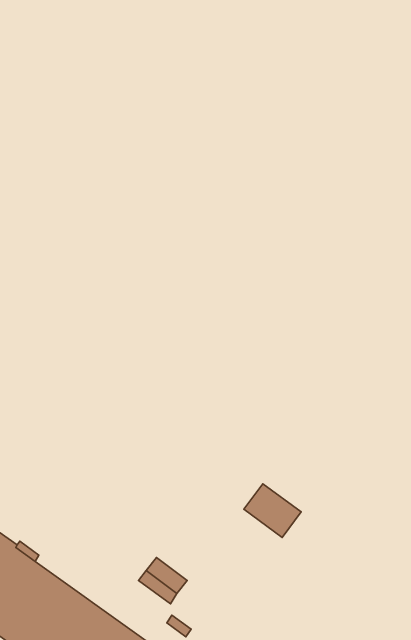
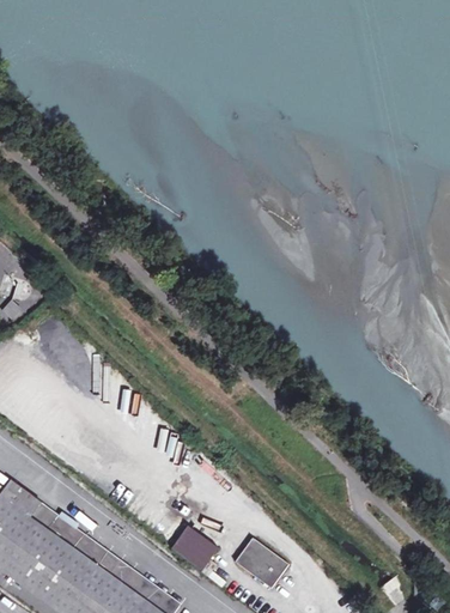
building: [244,484,301,537] -> [233,539,287,589]

